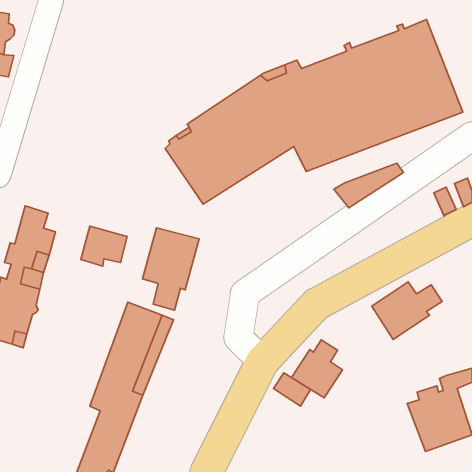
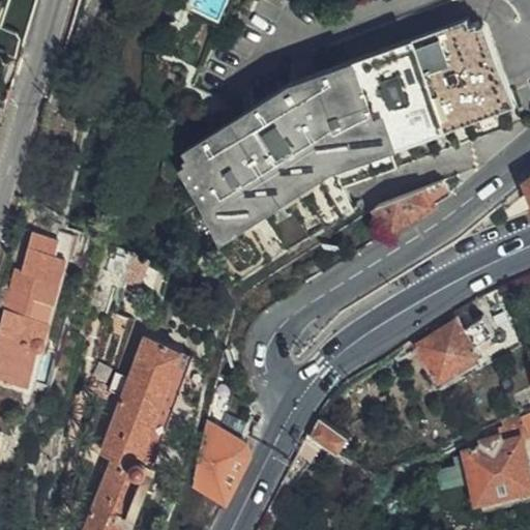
building: [142,228,199,310] -> none
building: [292,340,342,398] -> none
building: none -> [187,425,247,502]

